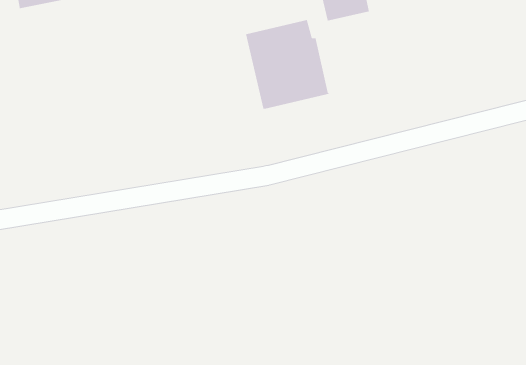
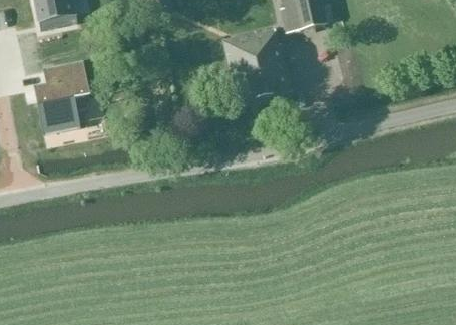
building: none -> [36,62,89,130]

